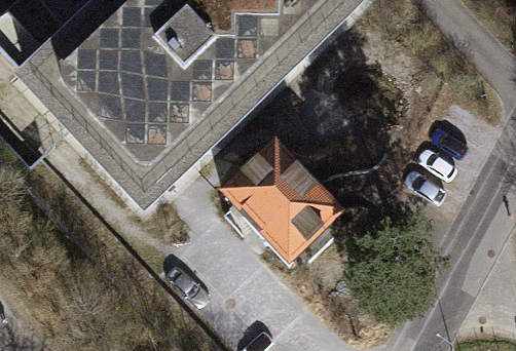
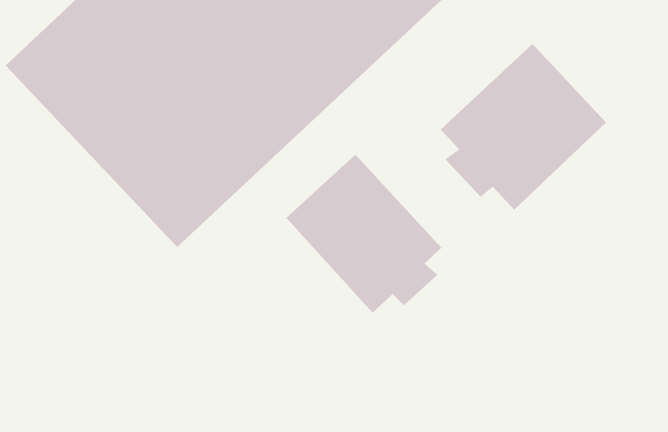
building: none -> [440,43,607,210]

